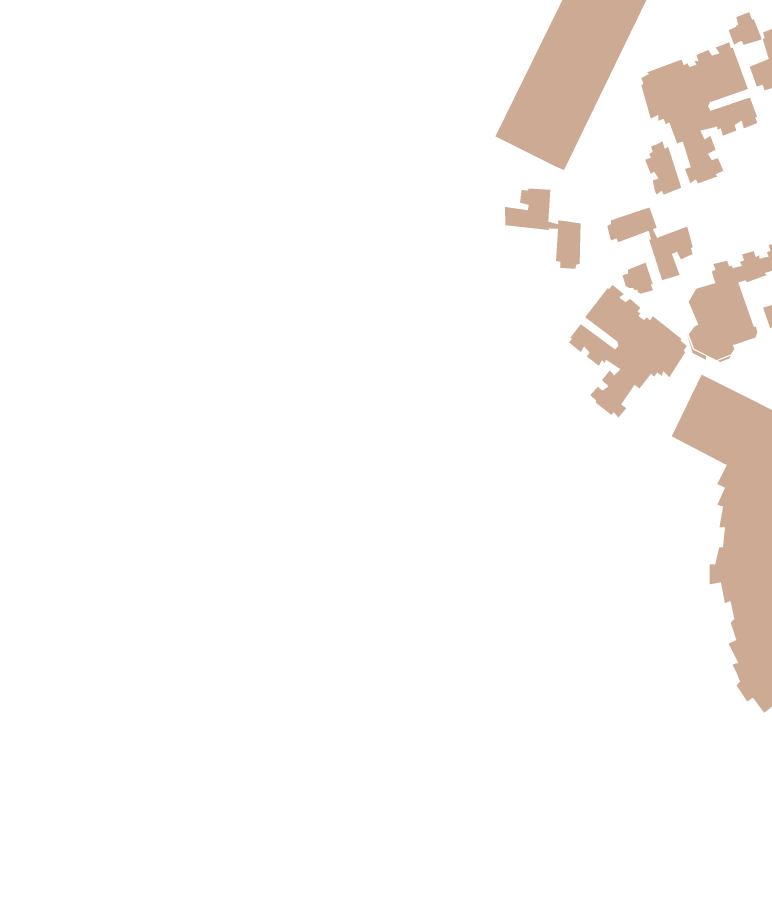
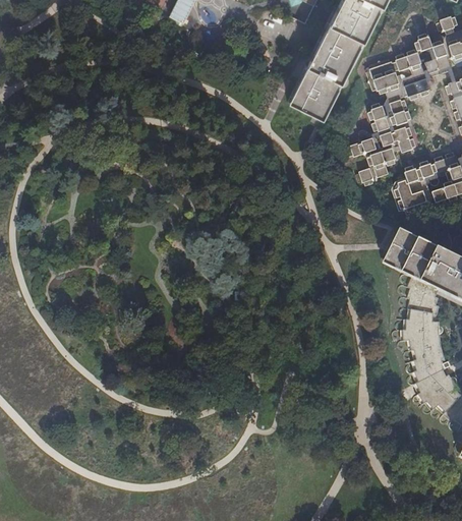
building: none -> [382,126,418,153]
building: [505,188,581,269] -> none
building: [568,284,688,419] -> none

